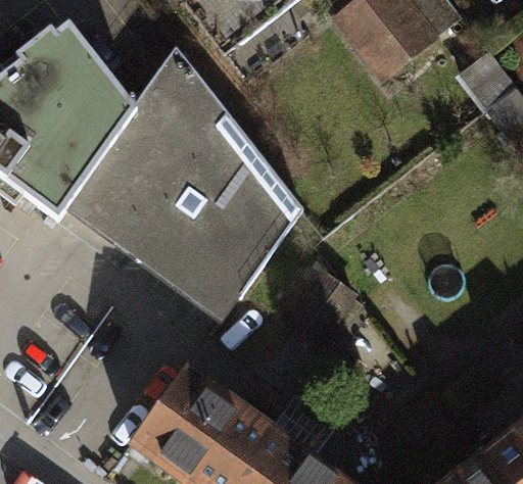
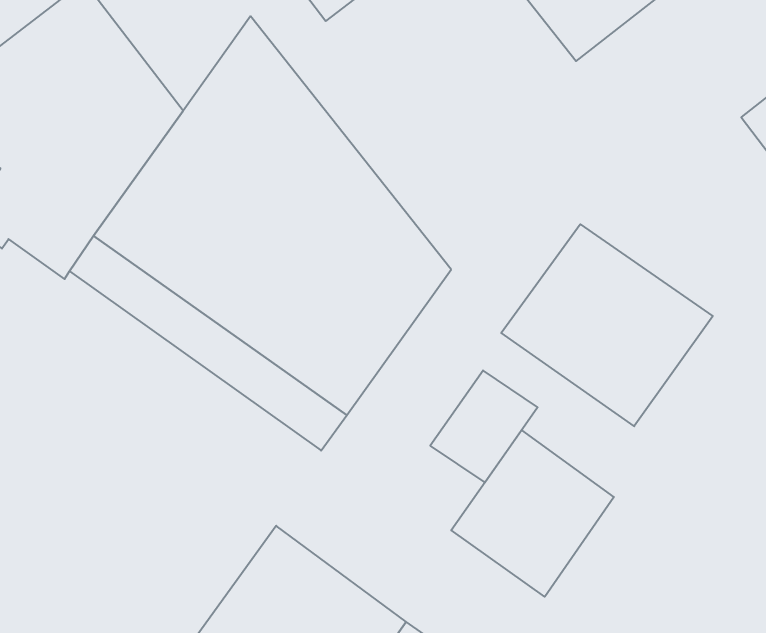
building: none -> [501,224,713,426]
building: none -> [451,430,614,597]

